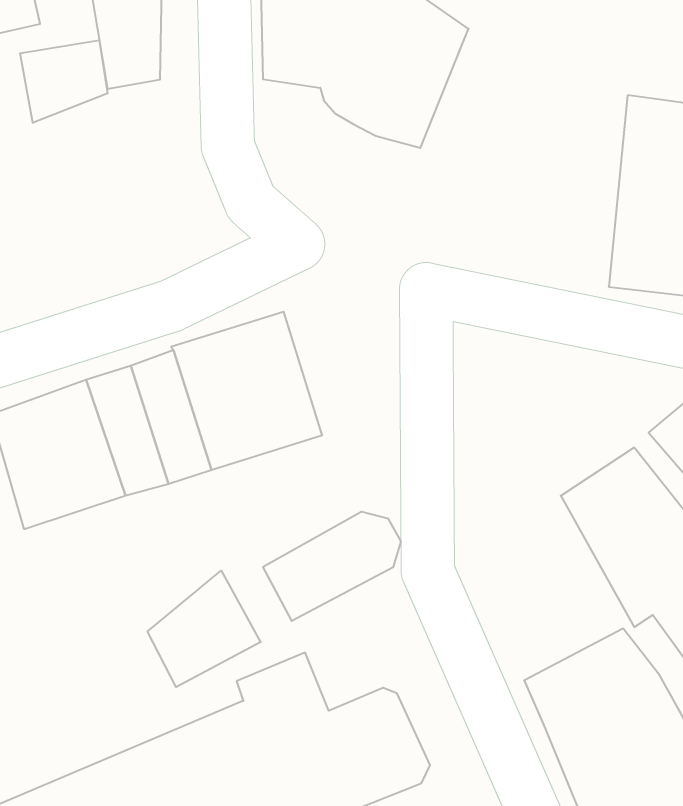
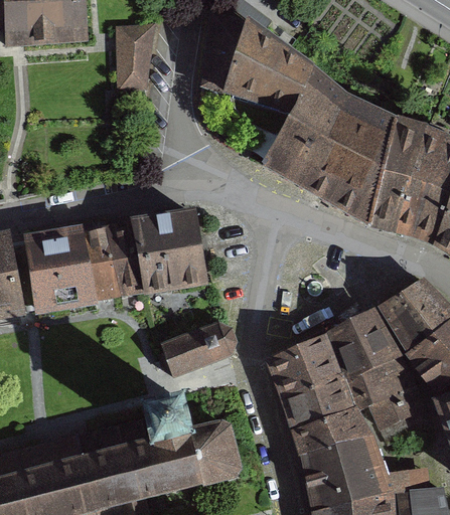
building: none -> [264,74,398,224]
building: [20,40,108,123] -> none
building: none -> [271,336,353,430]
building: [148,571,261,687] -> none

